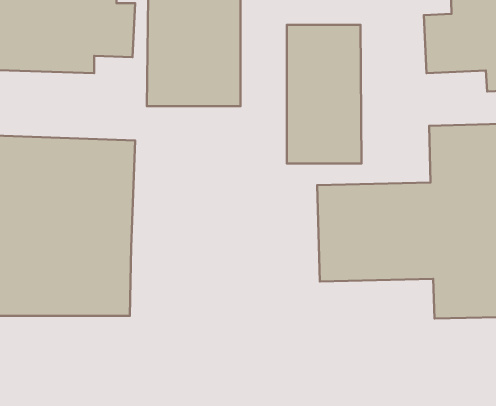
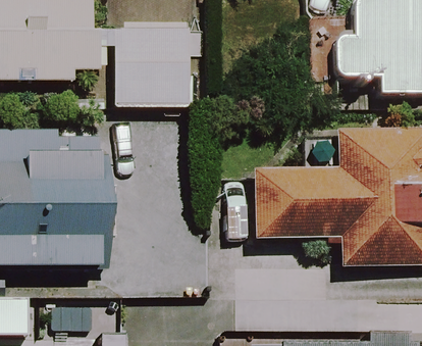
building: [287,25,361,164] -> none

